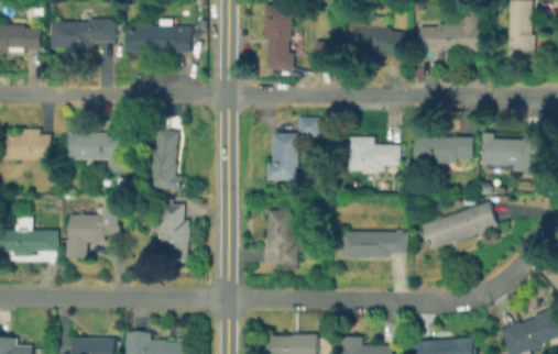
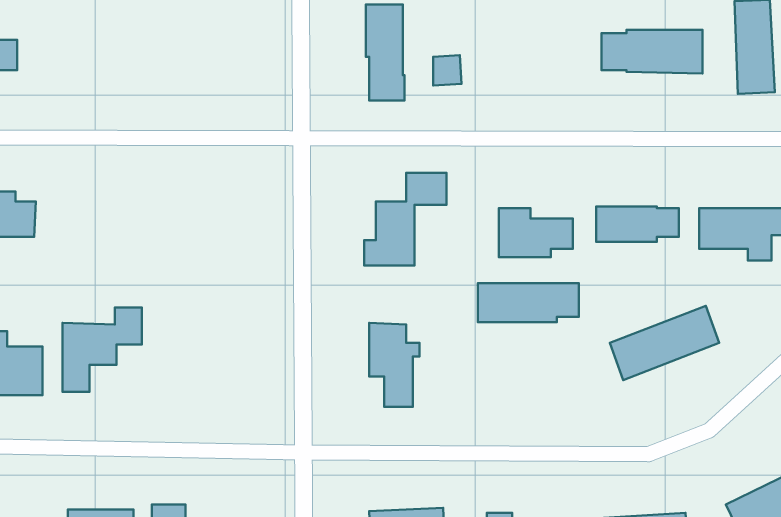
building: [47,21,112,56] -> none
building: [344,21,403,54] -> none
building: [127,26,190,54] -> none
building: [146,129,182,189] -> none
building: [69,130,121,173] -> none
building: [157,206,188,265] -> none
building: [339,232,405,257] -> [478,283,579,322]

